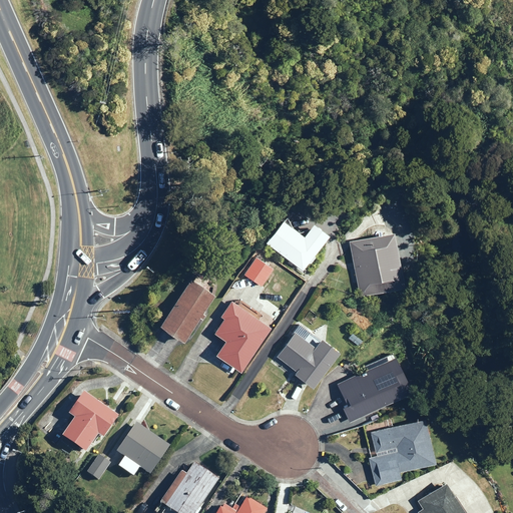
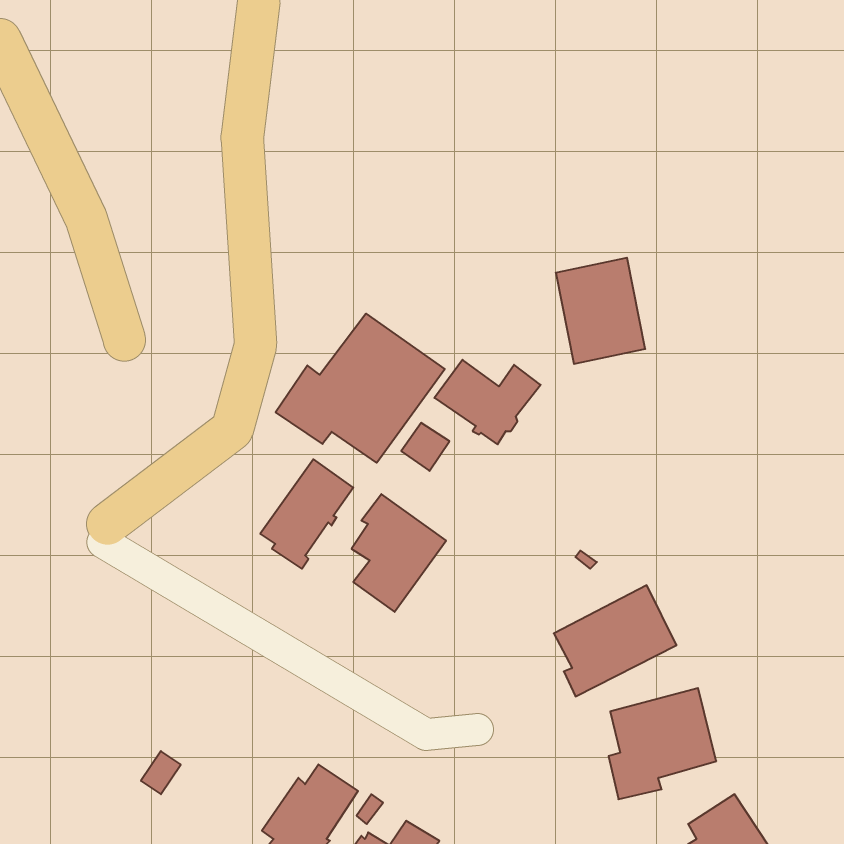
building: none -> [276,314,445,463]
building: [350,232,404,297] -> [556,258,645,364]
building: [277,325,339,388] -> none
building: [61,392,118,453] -> none
building: [117,424,170,476] -> none

